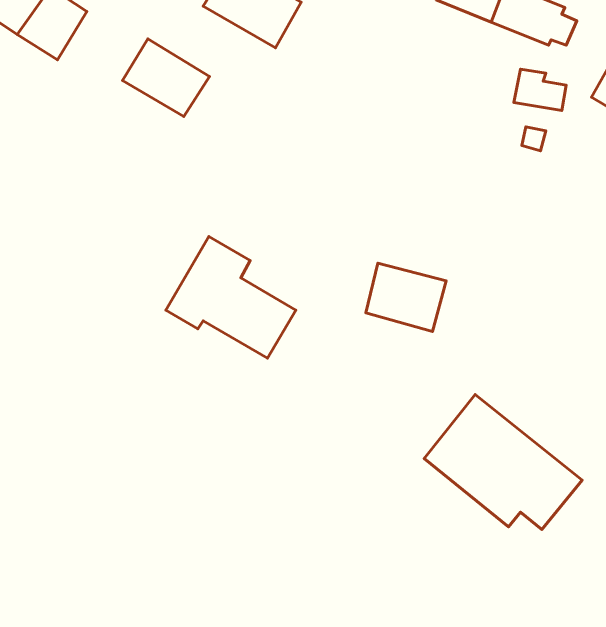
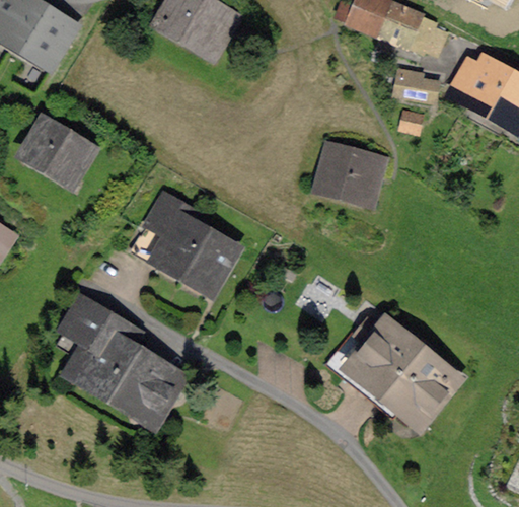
building: [122,39,209,117] -> [26,122,92,180]
building: [366,263,446,332] -> [324,147,385,199]
building: none -> [69,300,178,419]

